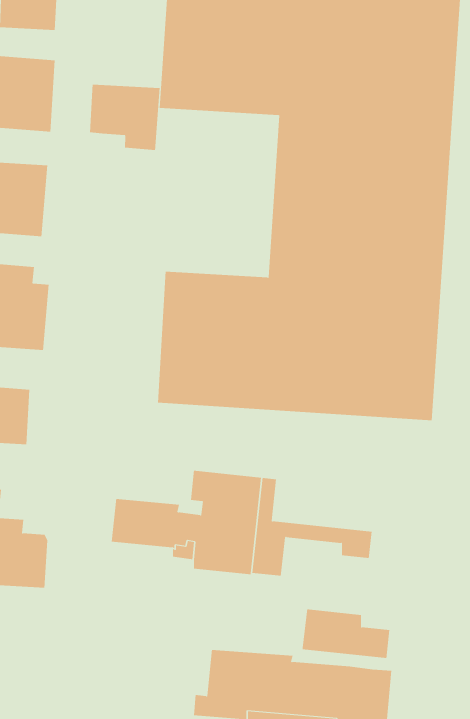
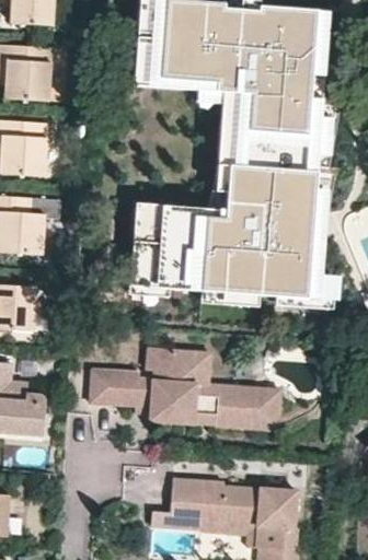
building: [89,84,160,151] -> none
building: [302,609,390,658] -> [217,396,281,432]

